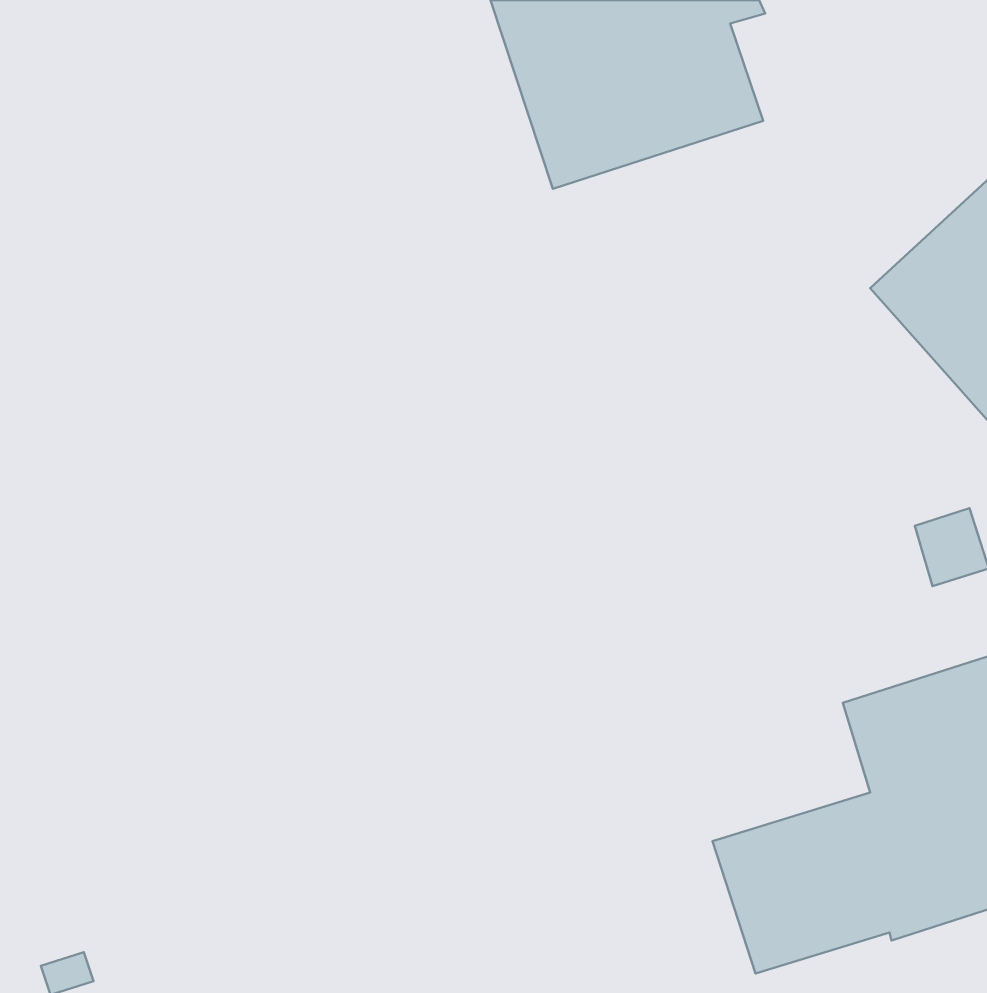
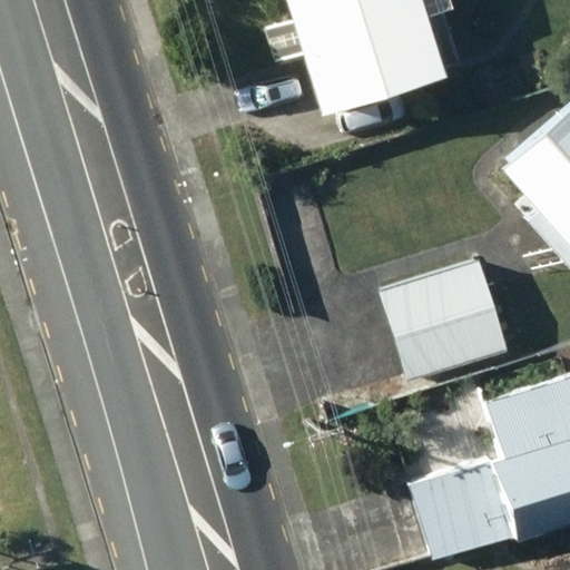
building: none -> [380,262,507,383]

